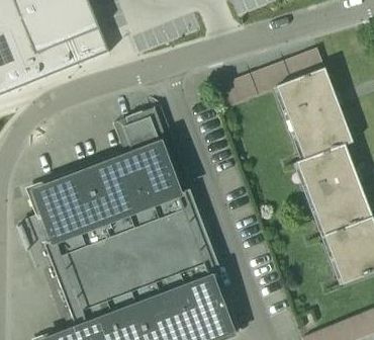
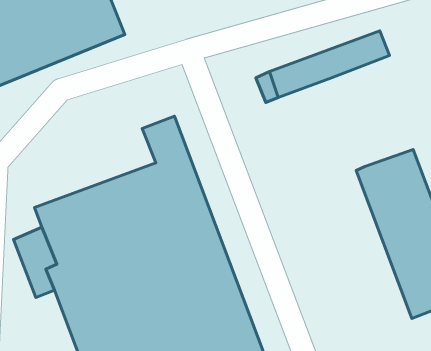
building: [278,69,353,160] -> none

